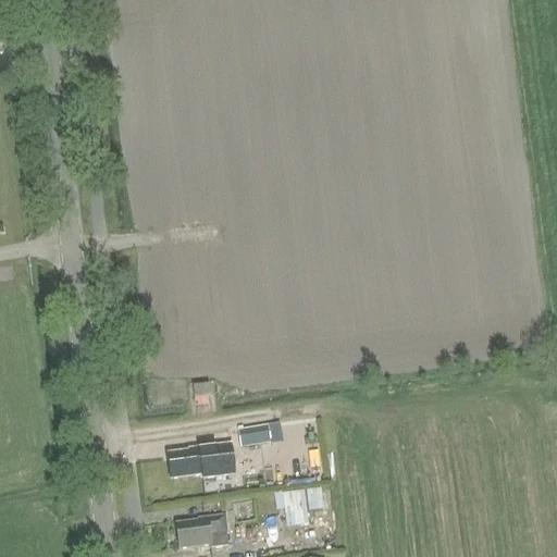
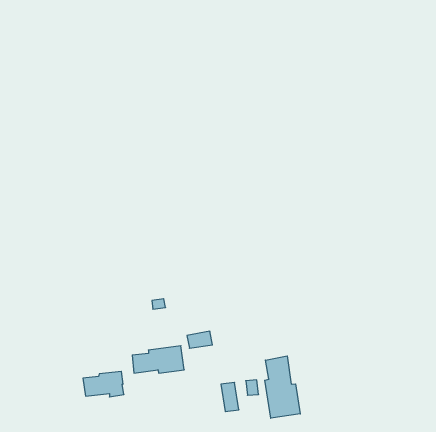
building: none -> [265,356,300,418]
building: [176,513,228,546] -> [83,371,124,397]

